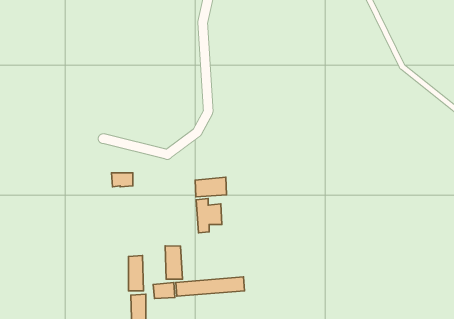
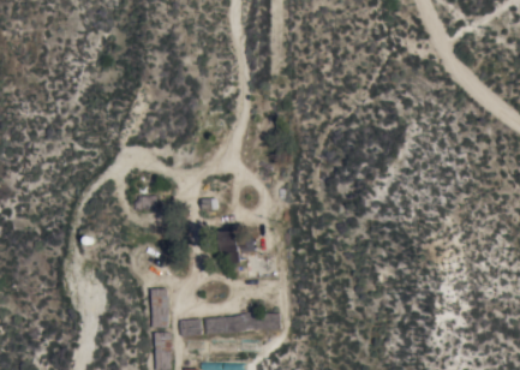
building: [195,177,226,197] -> none
building: [165,246,183,279] -> none

